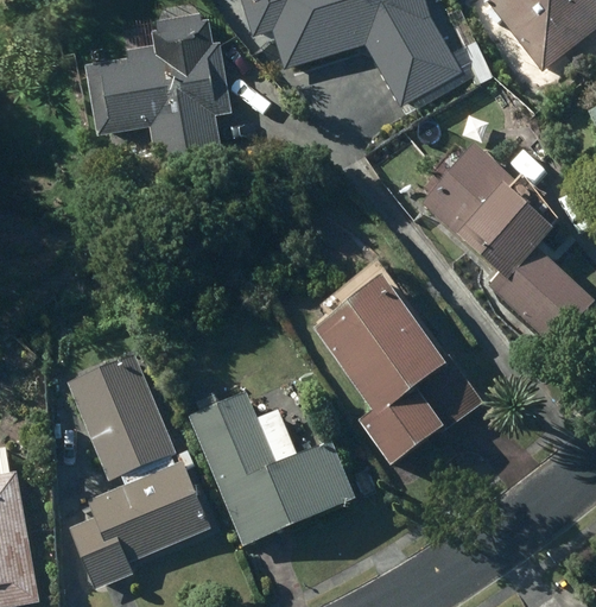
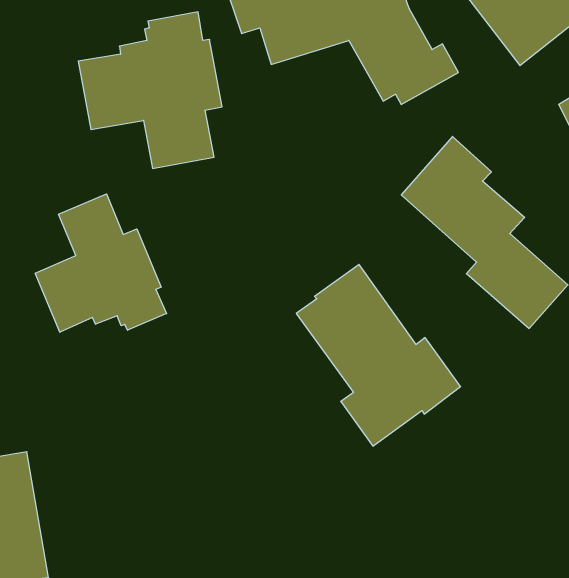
building: none -> [35,194,167,332]
building: [65,350,209,588] -> none
building: [188,391,354,544] -> none

